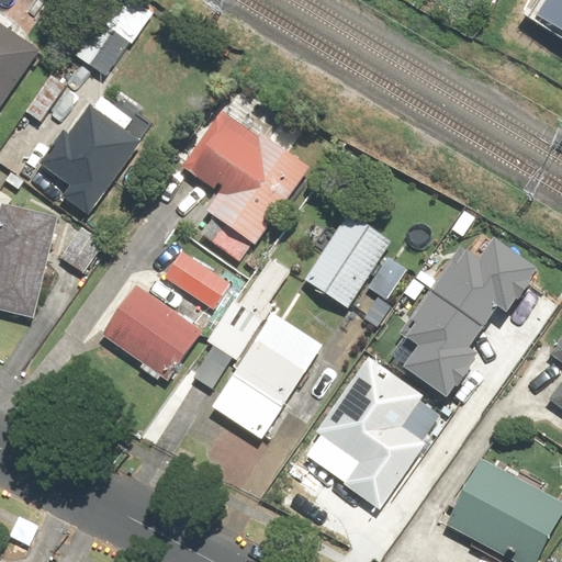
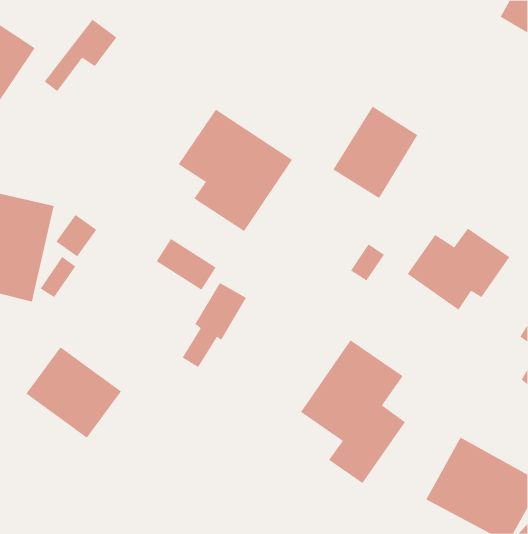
building: [37,105,140,216] -> none
building: [300,209,390,306] -> [332,106,418,199]
building: [102,284,203,381] -> [26,347,122,438]
building: [390,288,482,393] -> none
building: [211,314,321,439] -> none

